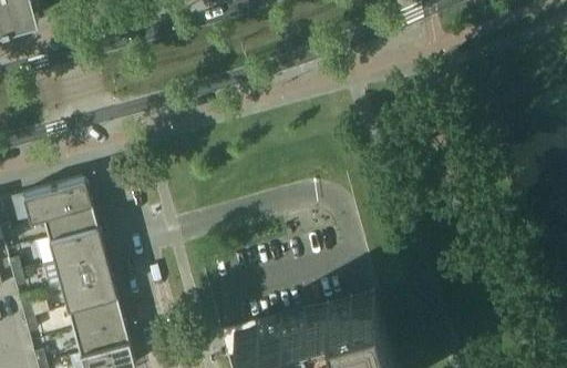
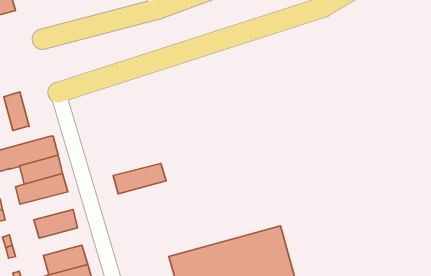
building: none -> [4,92,29,131]
building: [43,256,111,295] -> [113,163,166,194]
building: [68,301,122,337] -> none

